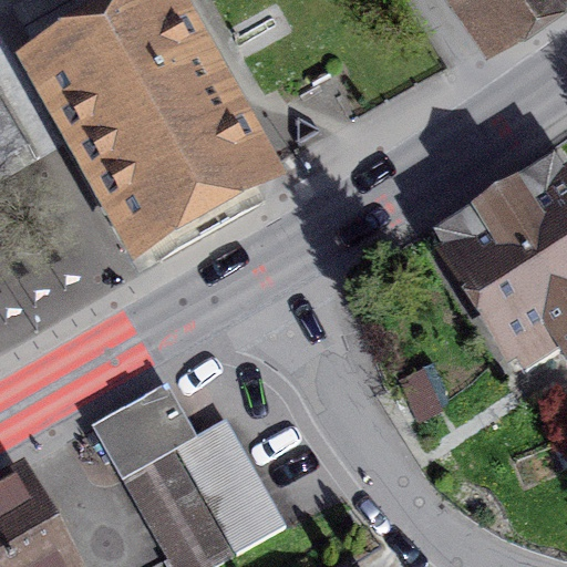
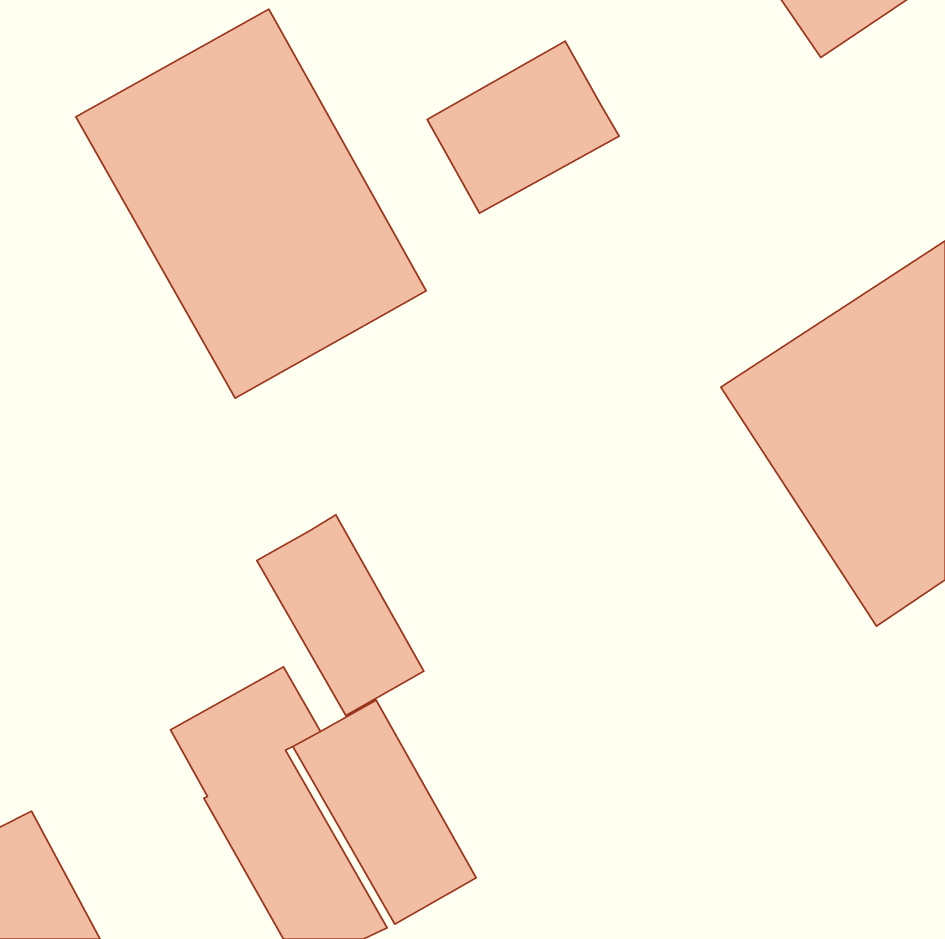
building: none -> [427,41,619,213]
building: none -> [257,515,424,715]

